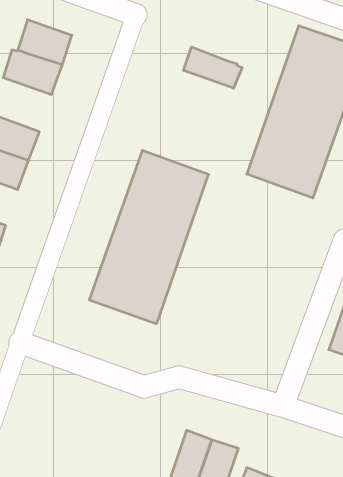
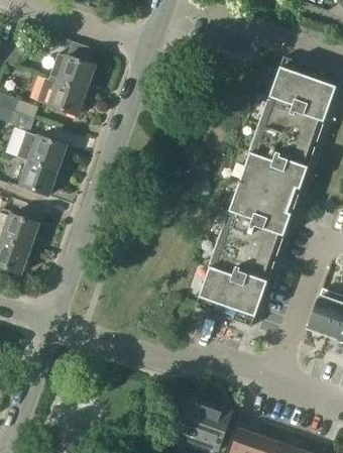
building: [184,47,242,88] -> none
building: [89,150,209,324] -> [196,181,296,326]

